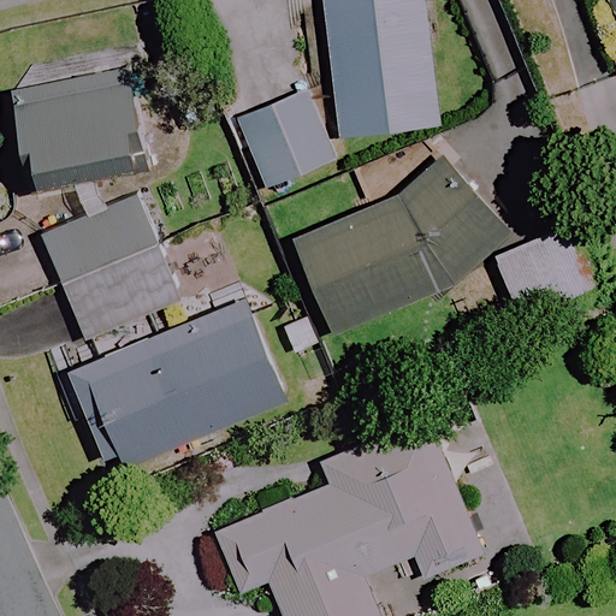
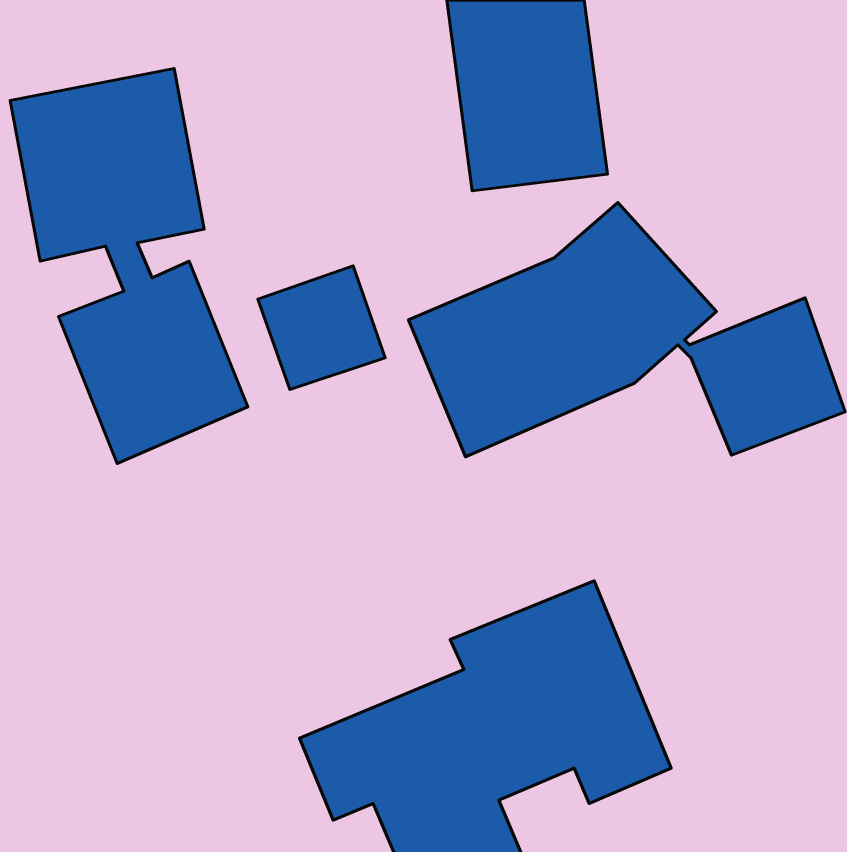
building: [242,97,333,186] -> [258,266,385,390]
building: [66,303,284,469] -> none

